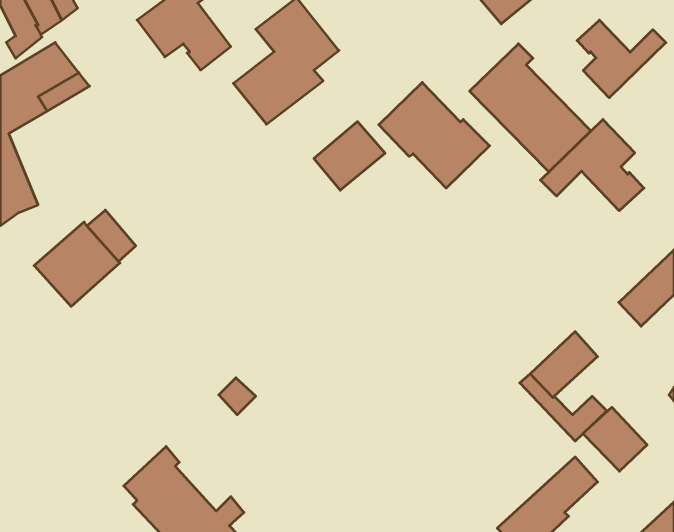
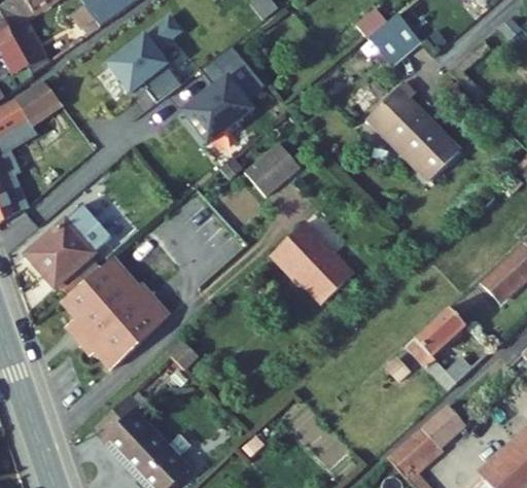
building: [577,20,666,98] -> none
building: [379,82,490,188] -> [270,222,356,305]
building: [540,119,644,211] -> none
building: none -> [64,258,172,368]
building: [583,407,647,471] -> none

